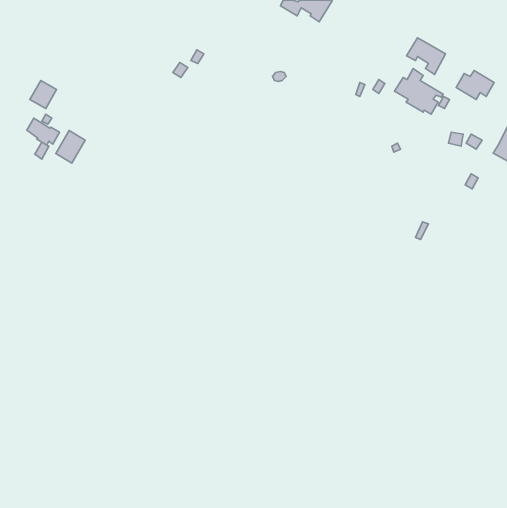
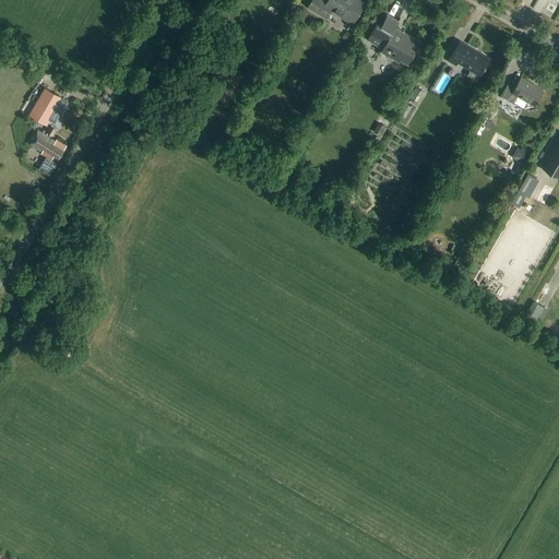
building: [394,68,443,114] -> [368,14,421,64]
building: [56,131,85,163] -> none

